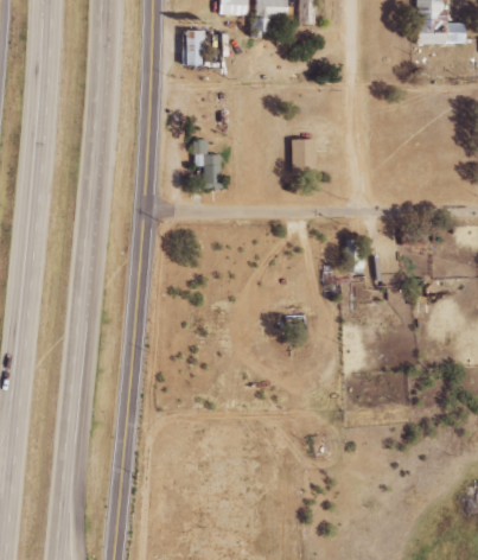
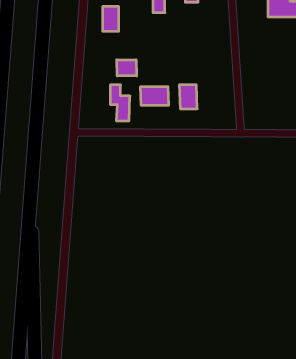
building: none -> [117,60,137,76]
building: none -> [141,87,169,105]

